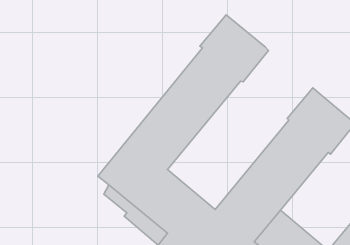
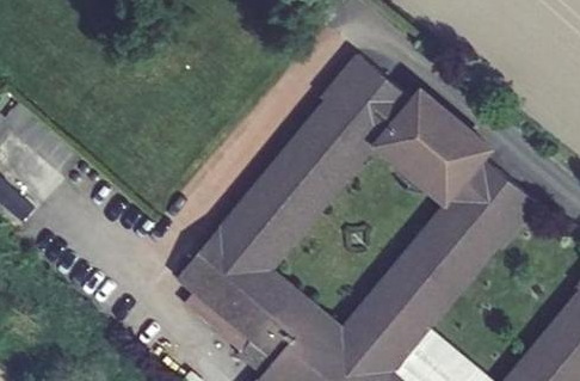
building: none -> [380,86,496,199]

